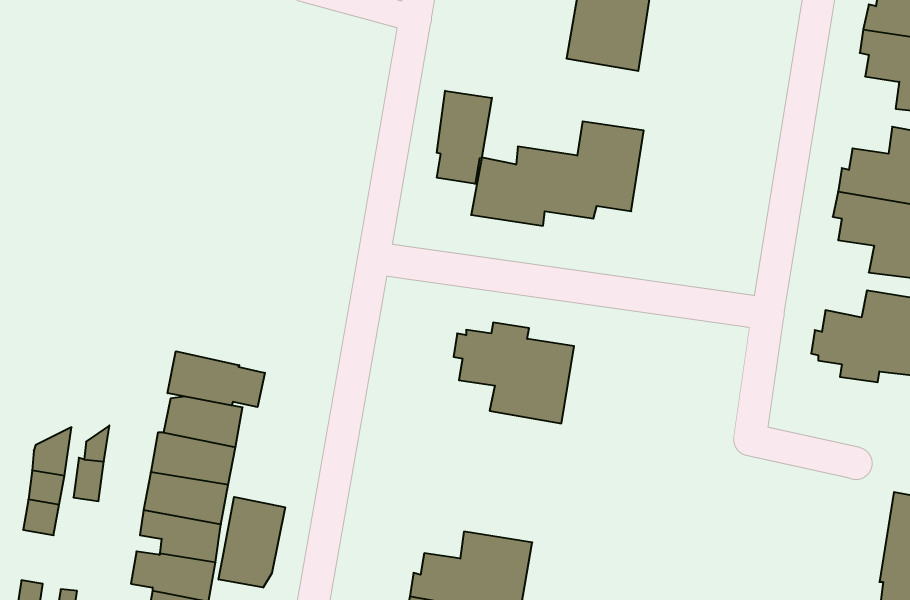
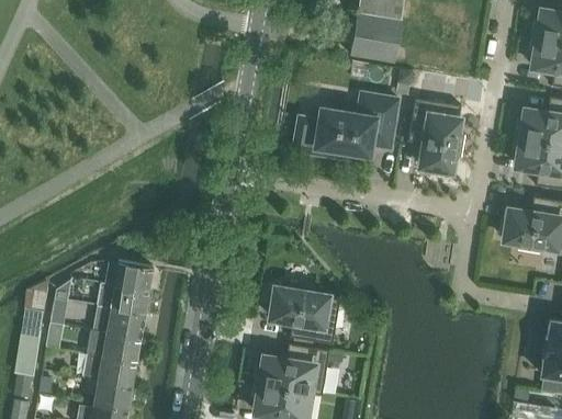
building: [437,91,492,184] -> none
building: none -> [407,99,463,175]
building: [454,323,574,423] -> [267,284,340,346]
building: [168,351,265,407] -> none
building: [219,497,285,588] -> none
building: none -> [13,343,37,376]

